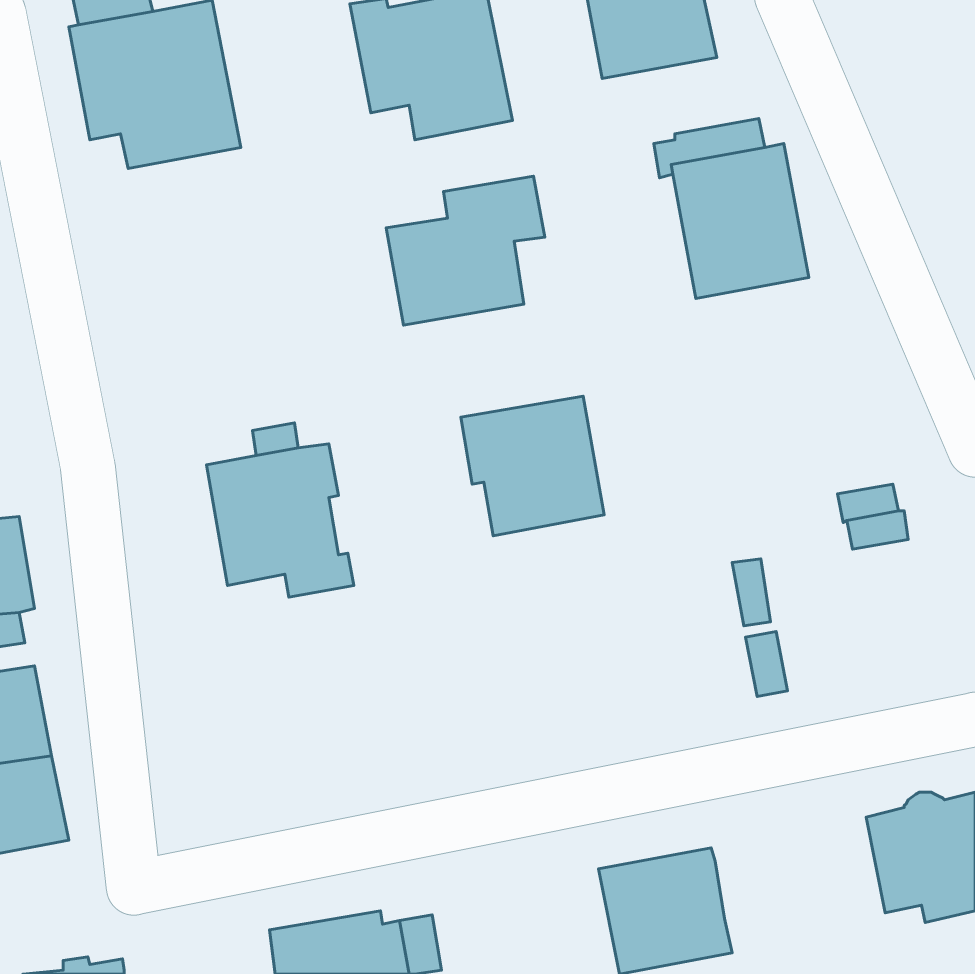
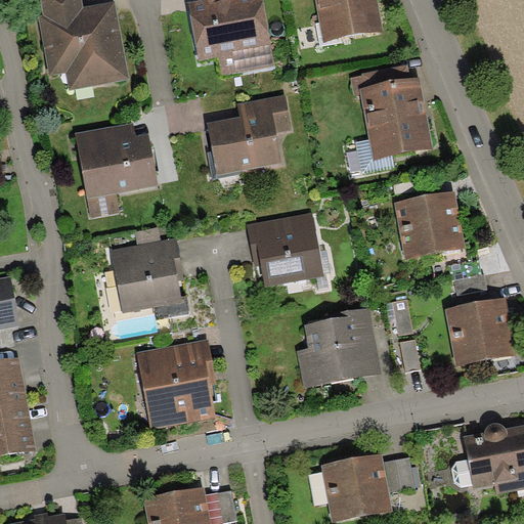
building: none -> [75,121,158,217]
building: none -> [394,190,465,259]
building: none -> [444,298,514,365]
building: none -> [296,306,382,388]
building: none -> [136,338,217,429]
building: none -> [383,456,414,491]

